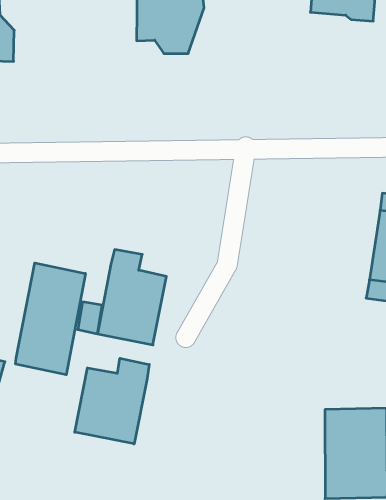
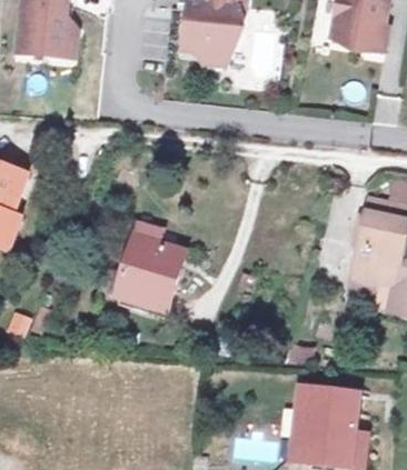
building: [16,263,85,375] -> none
building: [75,358,149,444] -> none

